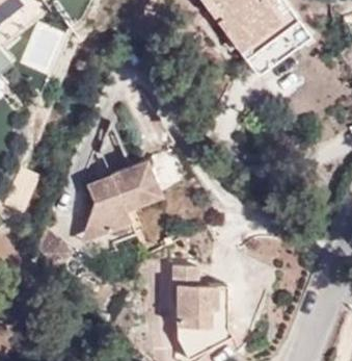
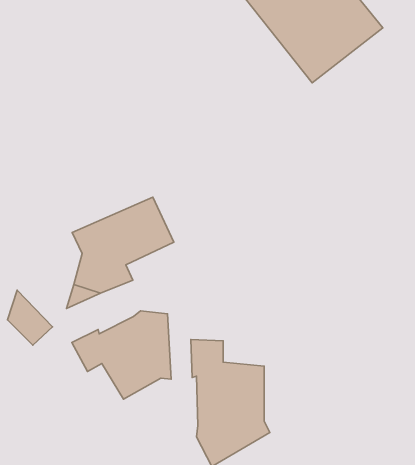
building: none -> [72,311,171,399]

